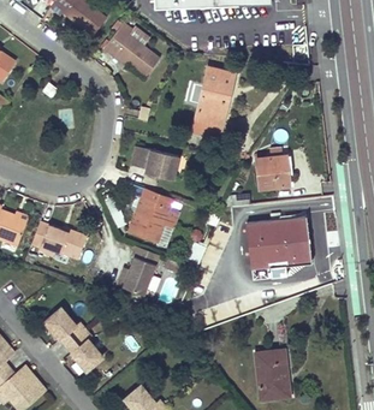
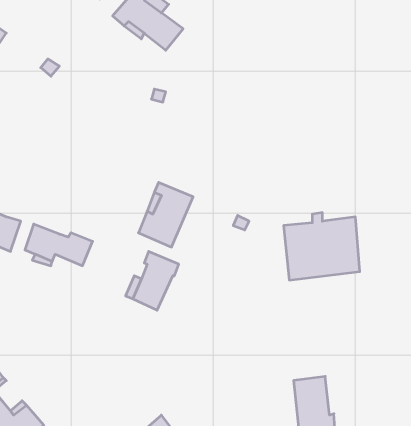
building: [194,67,233,125] -> none
building: [130,145,178,178] -> none
building: [255,155,285,188] -> none
building: [43,307,101,370] -> none

